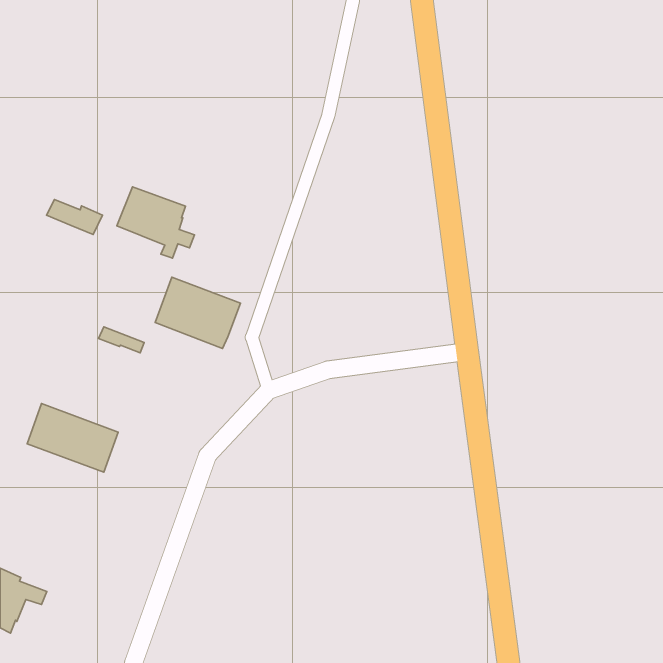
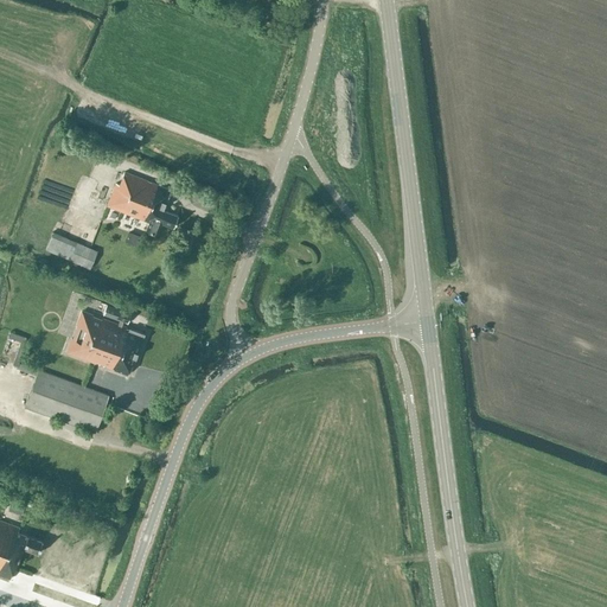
building: [47,199,102,235] -> [46,236,97,268]
building: [155,277,241,349] -> [65,309,143,375]

